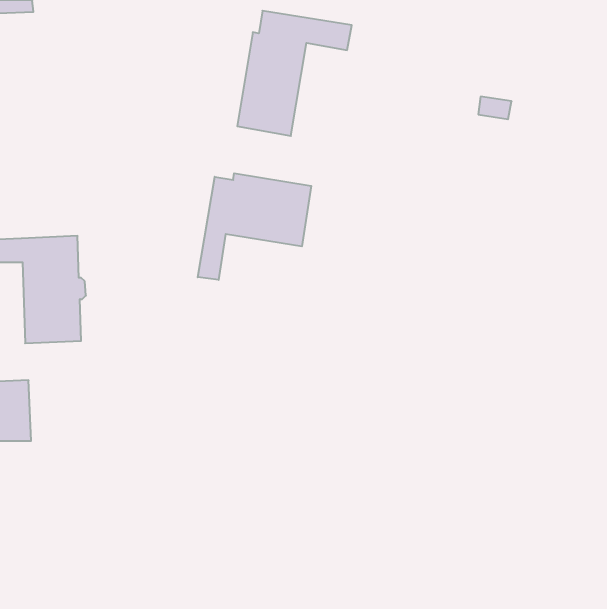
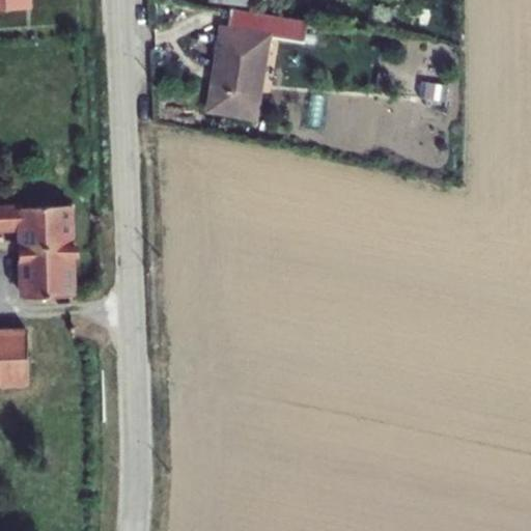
building: [198,173,311,280] -> none

